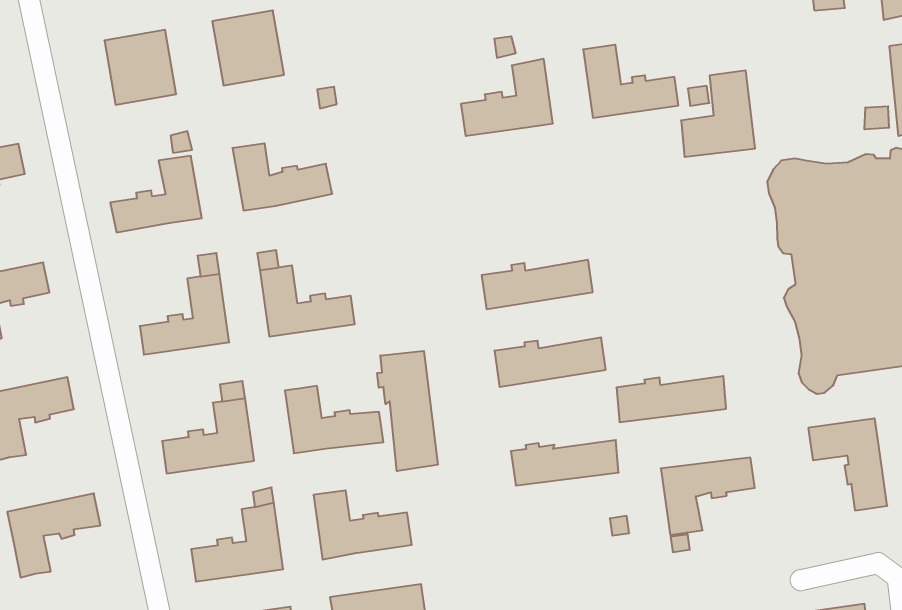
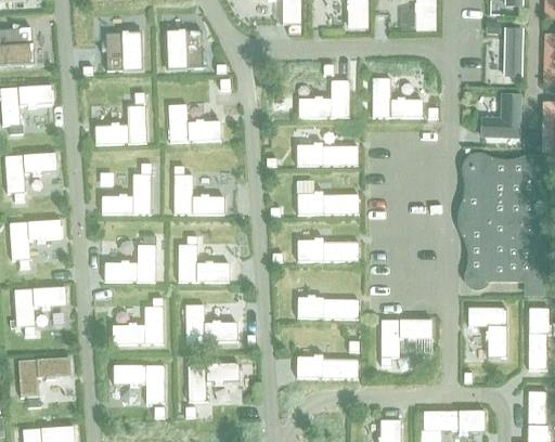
building: [681,70,755,157] -> [480,93,521,138]
building: none -> [296,144,357,167]
building: [377,351,438,471] -> none
building: [616,376,726,422] -> [297,356,359,379]

